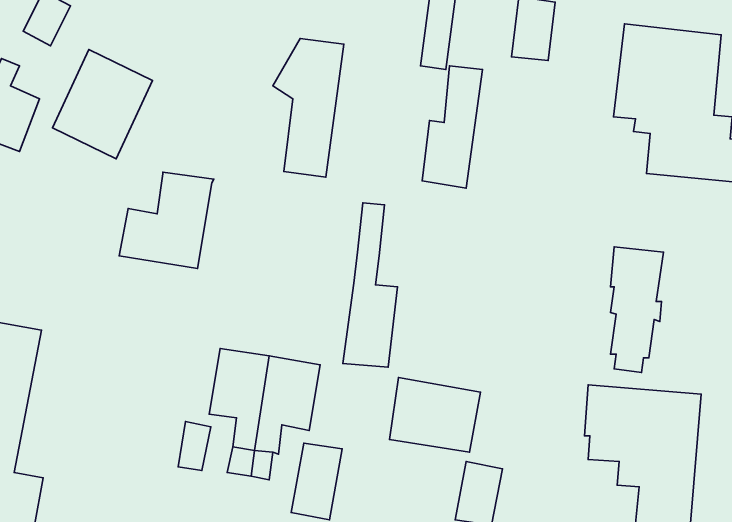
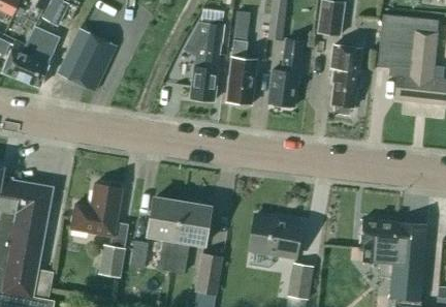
building: [119,172,214,269] -> [69,184,123,239]
building: [343,203,397,367] -> [226,11,257,104]
building: [611,247,663,372] -> [331,44,361,116]
building: none -> [98,245,125,277]

